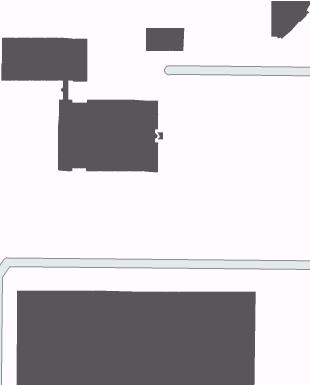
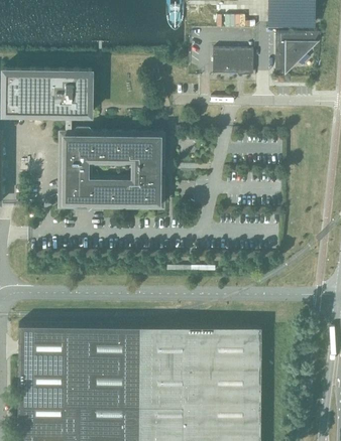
building: [145,28,185,51] -> [213,51,253,76]

